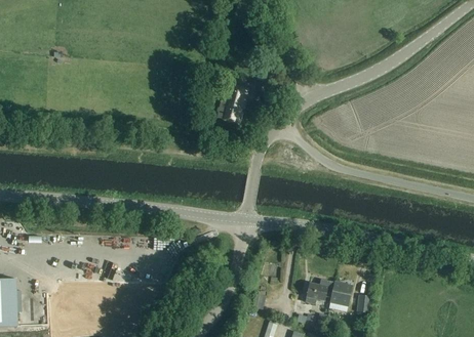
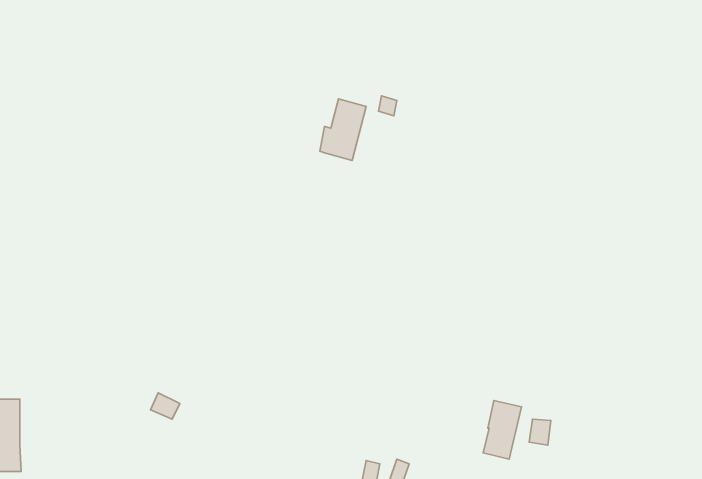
building: [304,278,333,302] -> none

